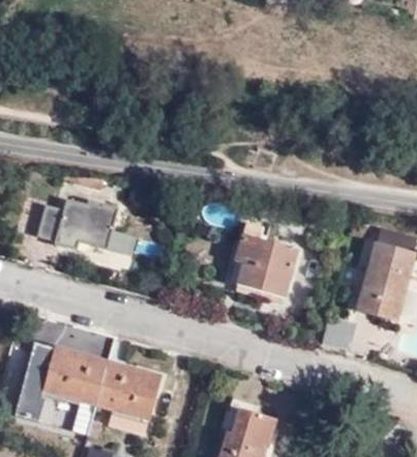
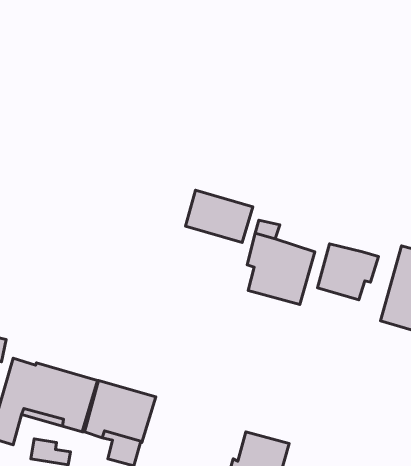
building: none -> [185,190,253,242]
building: [39,197,121,249] -> none
building: none -> [317,244,379,300]

